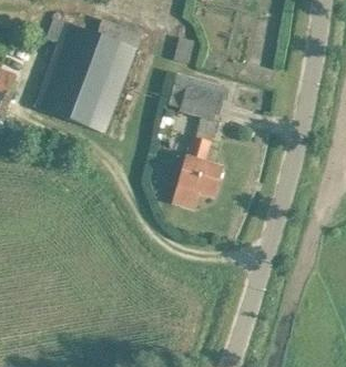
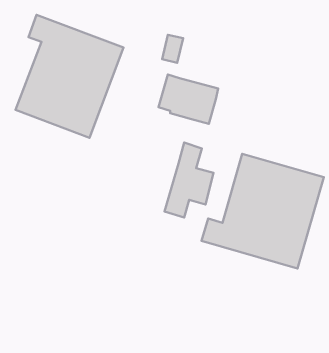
building: none -> [202,154,324,268]

